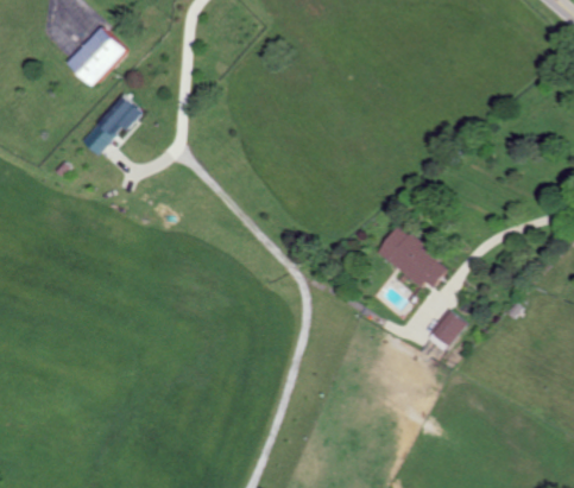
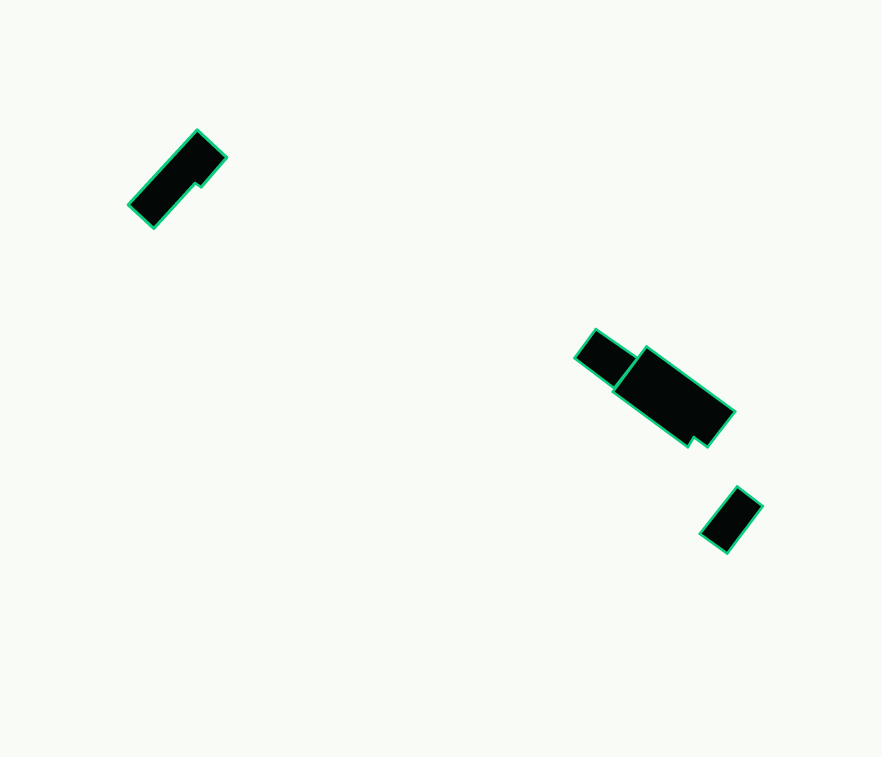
building: [69,27,127,85] -> none
building: none -> [574,329,637,388]

